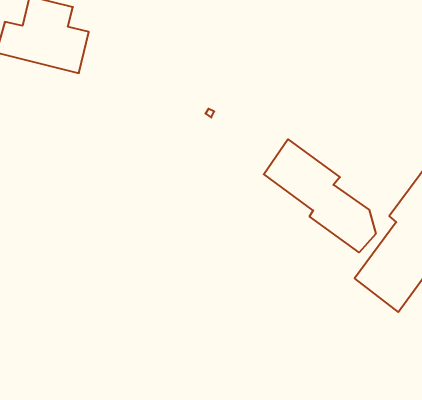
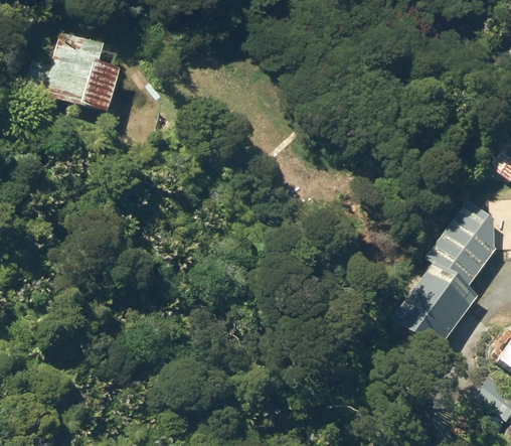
building: [264,139,376,252] -> none

